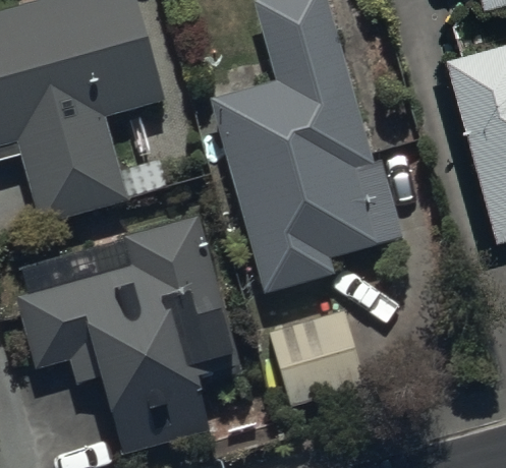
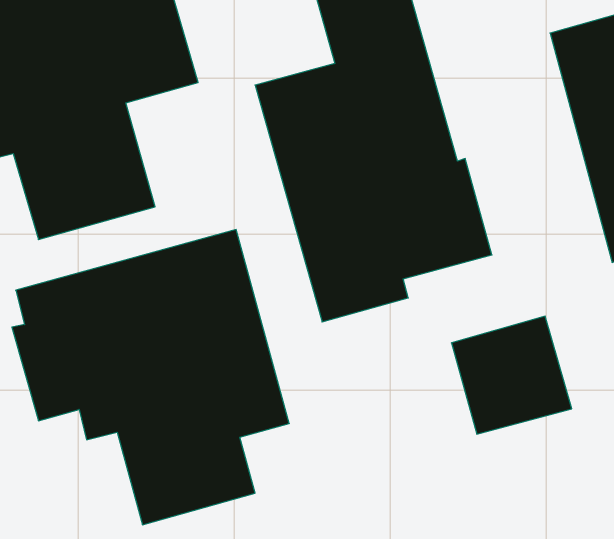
building: [267,311,363,406] -> [451,316,572,434]

